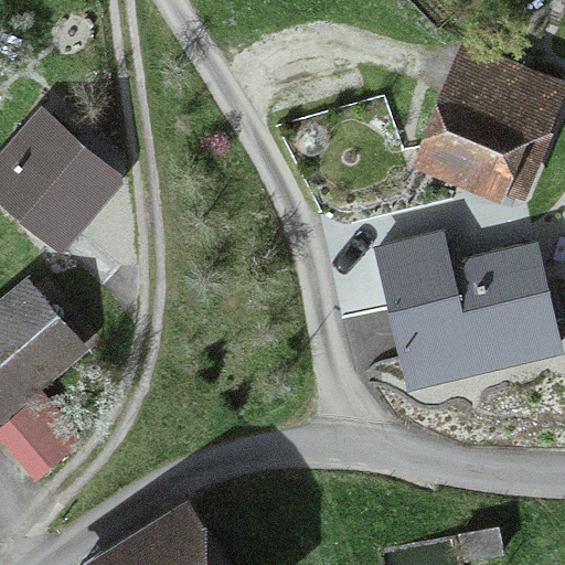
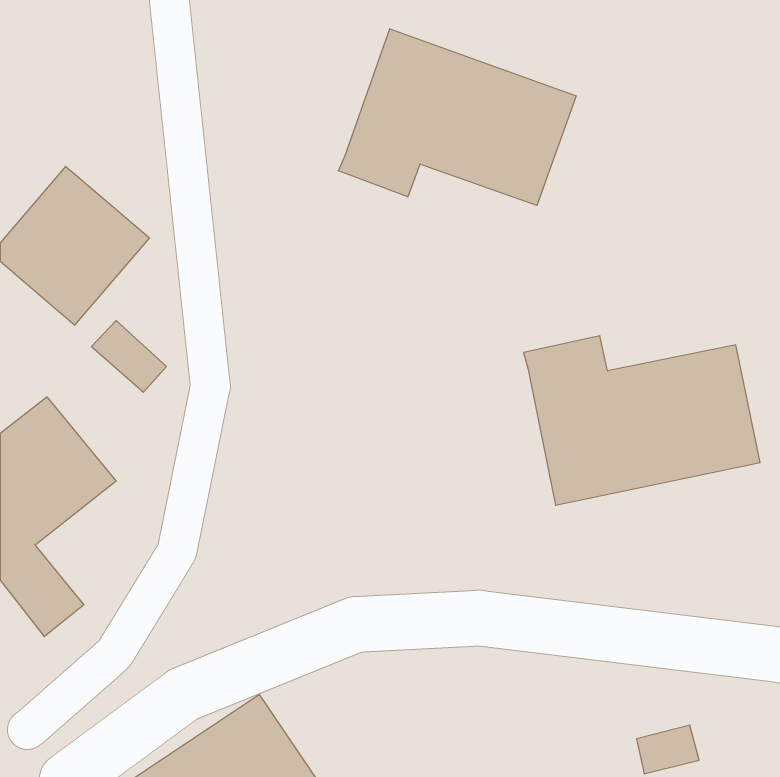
building: none -> [338,29,576,205]
building: [426,57,544,182] -> none

